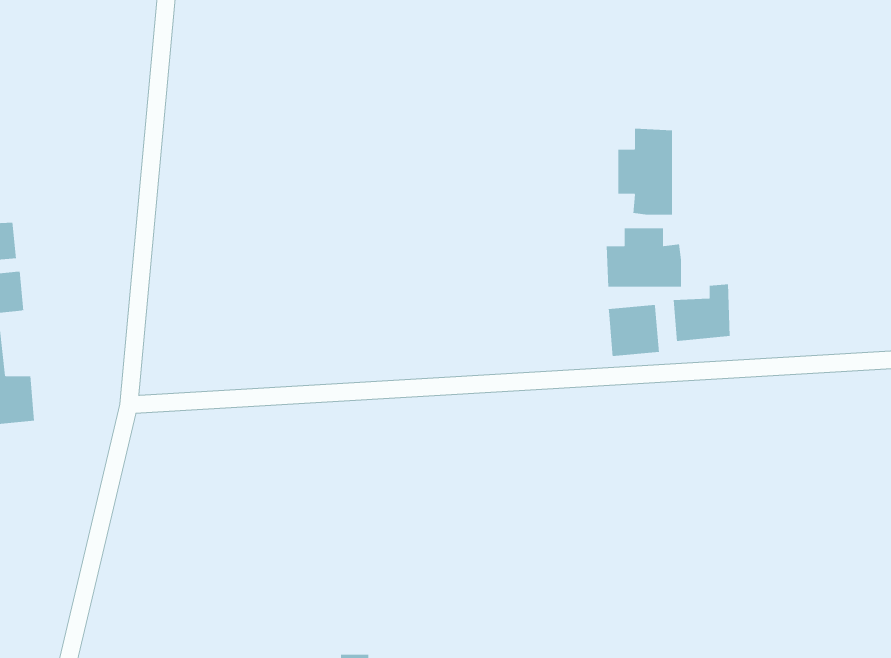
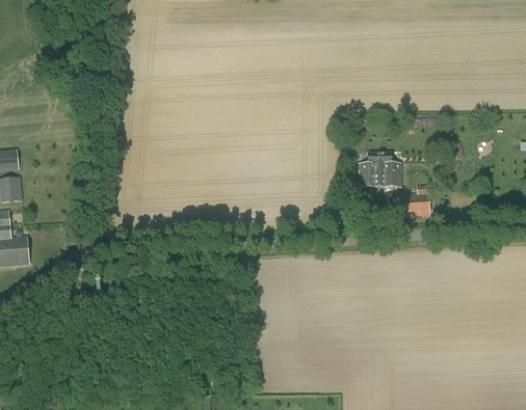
building: [618,128,673,215] -> none
building: [608,304,659,357] -> none

